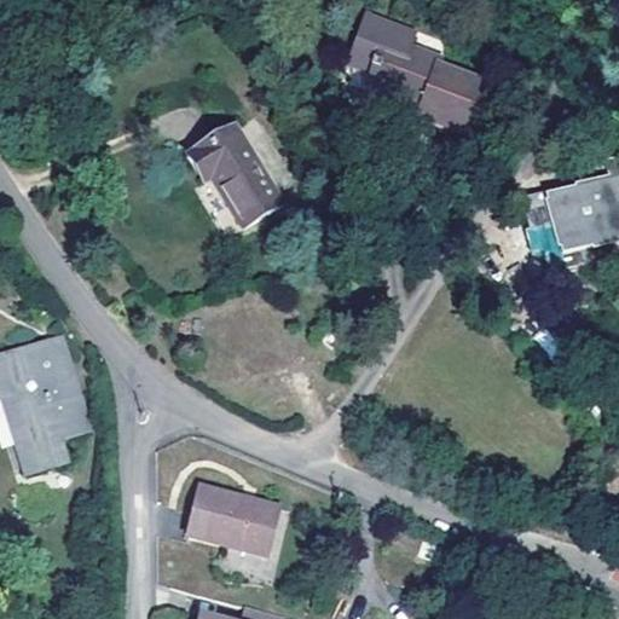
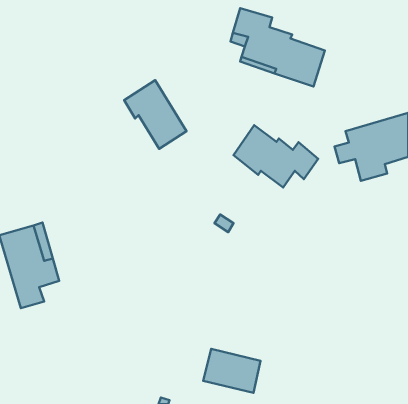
building: none -> [233,125,318,188]
building: [189,484,276,550] -> [203,349,261,393]

